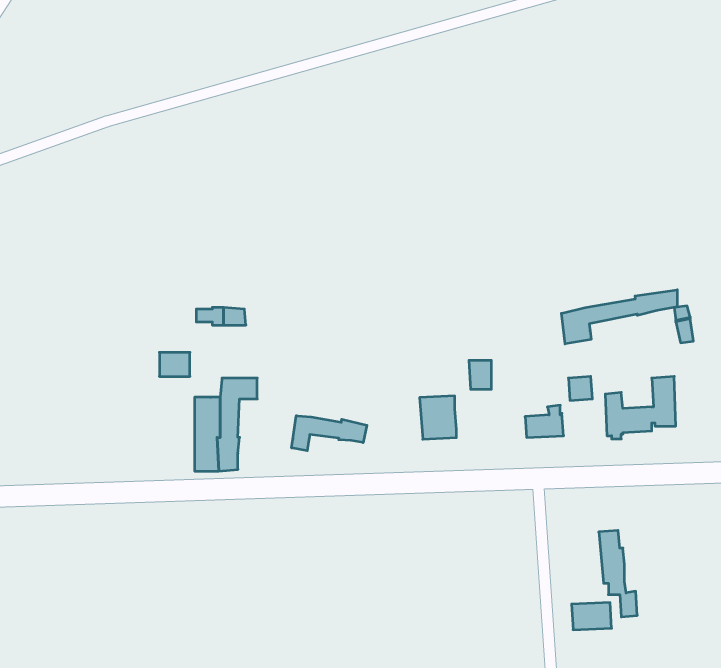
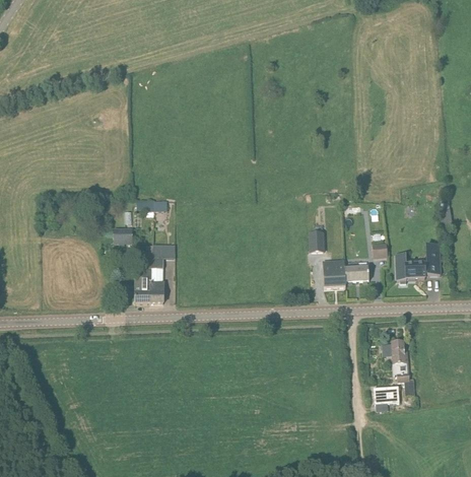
building: [561,290,677,344] -> none
building: [420,396,456,439] -> [322,260,345,287]
building: [292,416,367,451] -> none

